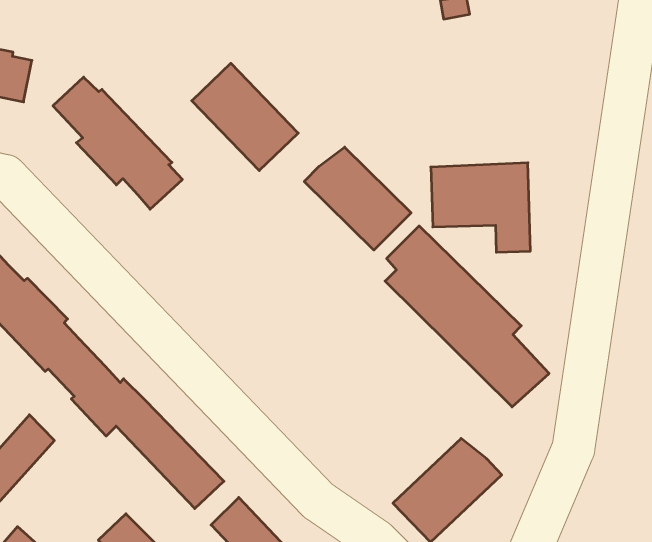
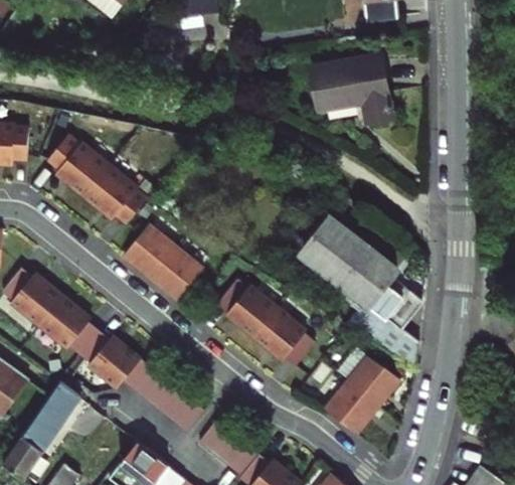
building: [192,63,298,171] -> [123,225,201,299]
building: [304,147,411,250] -> none
building: [431,163,530,252] -> [312,55,390,122]
building: none -> [217,279,314,366]

